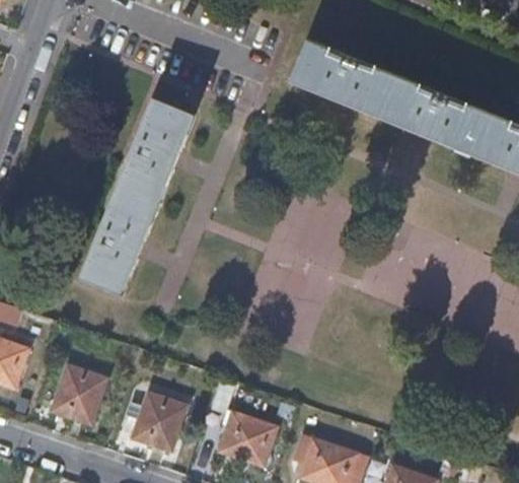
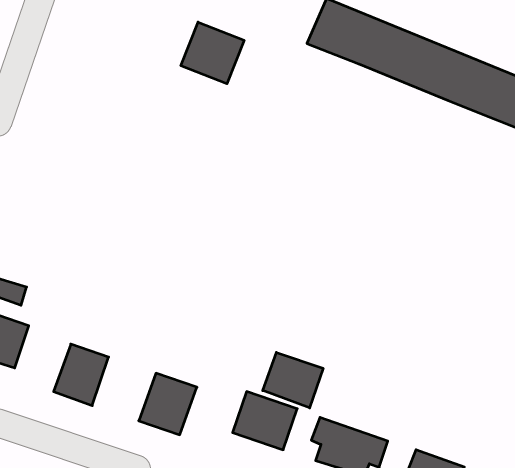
building: none -> [181,22,244,84]
building: [78,98,195,298] -> none
building: none -> [263,352,323,408]

